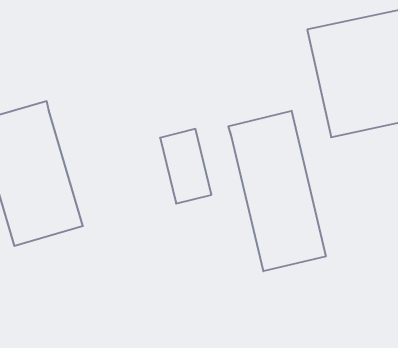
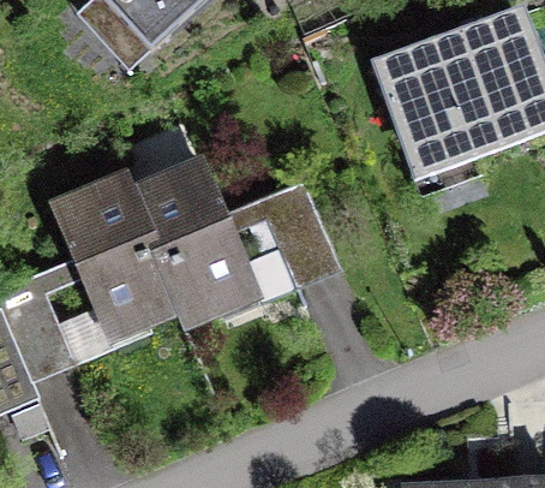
building: none -> [124,165,247,327]
building: [228,111,326,271] -> none

